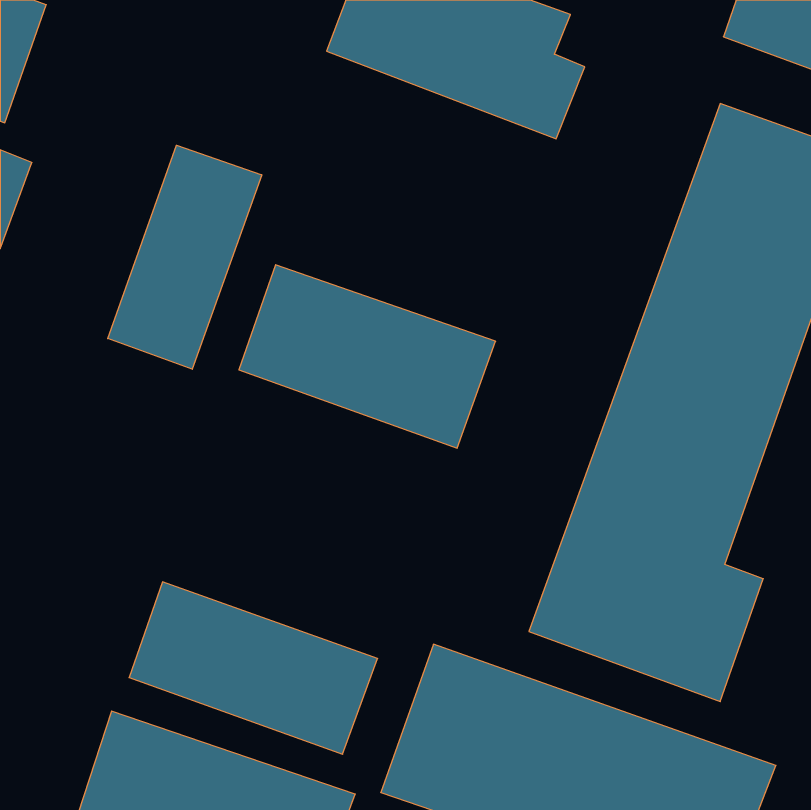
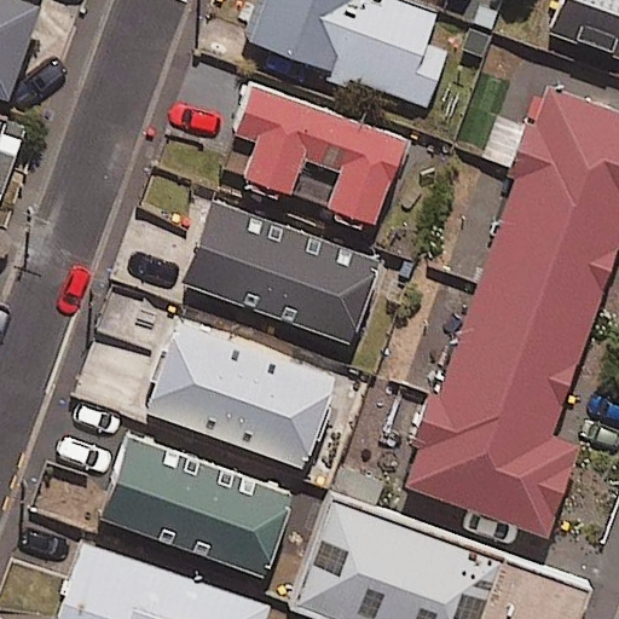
building: none -> [221,86,401,224]
building: [108,145,262,369] -> none
building: none -> [146,331,330,467]

